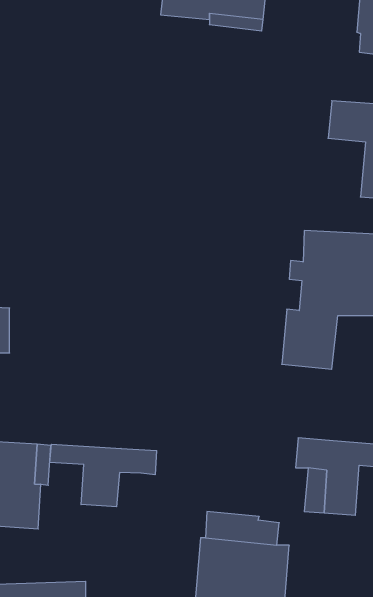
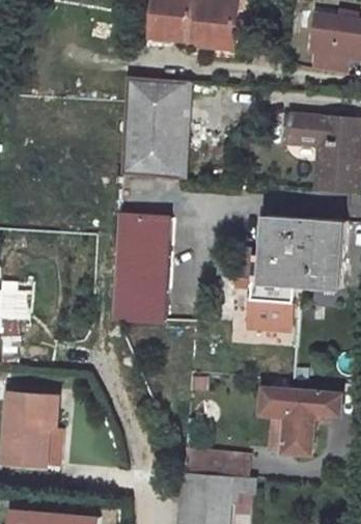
building: none -> [119,76,187,181]
building: none -> [113,211,171,318]
building: [50,444,157,507] -> none

